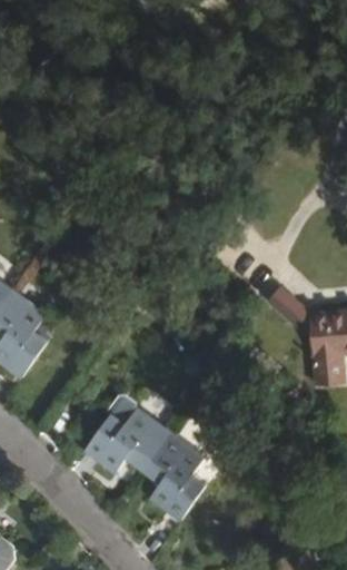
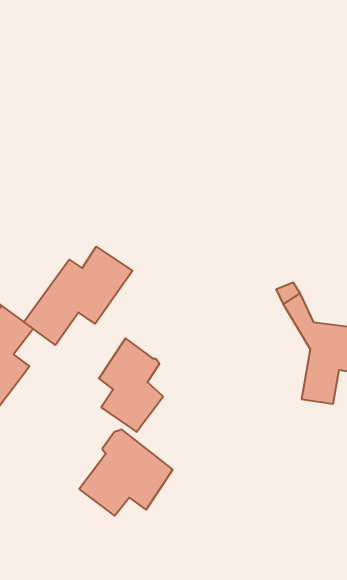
building: none -> [24,247,132,345]
building: [150,436,209,522] -> [99,338,163,432]

